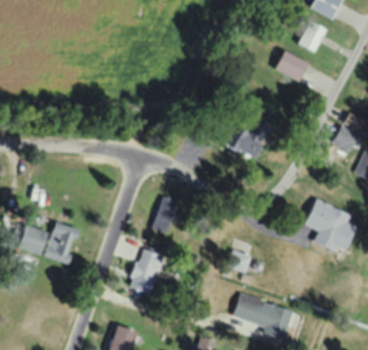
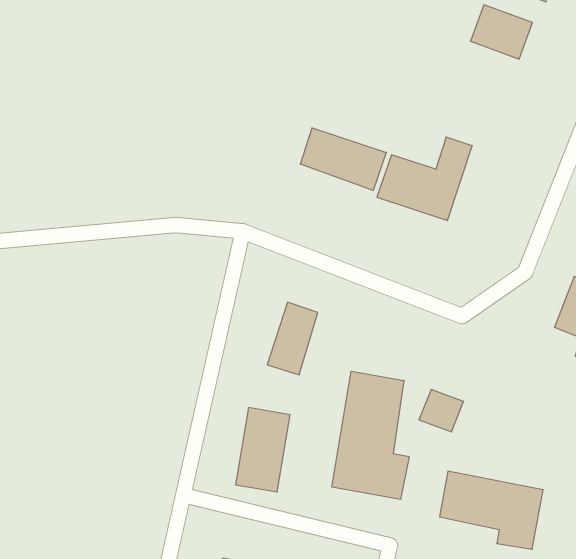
building: none -> [300,128,386,191]
building: [15,221,79,265] -> none
building: none -> [332,371,409,499]

